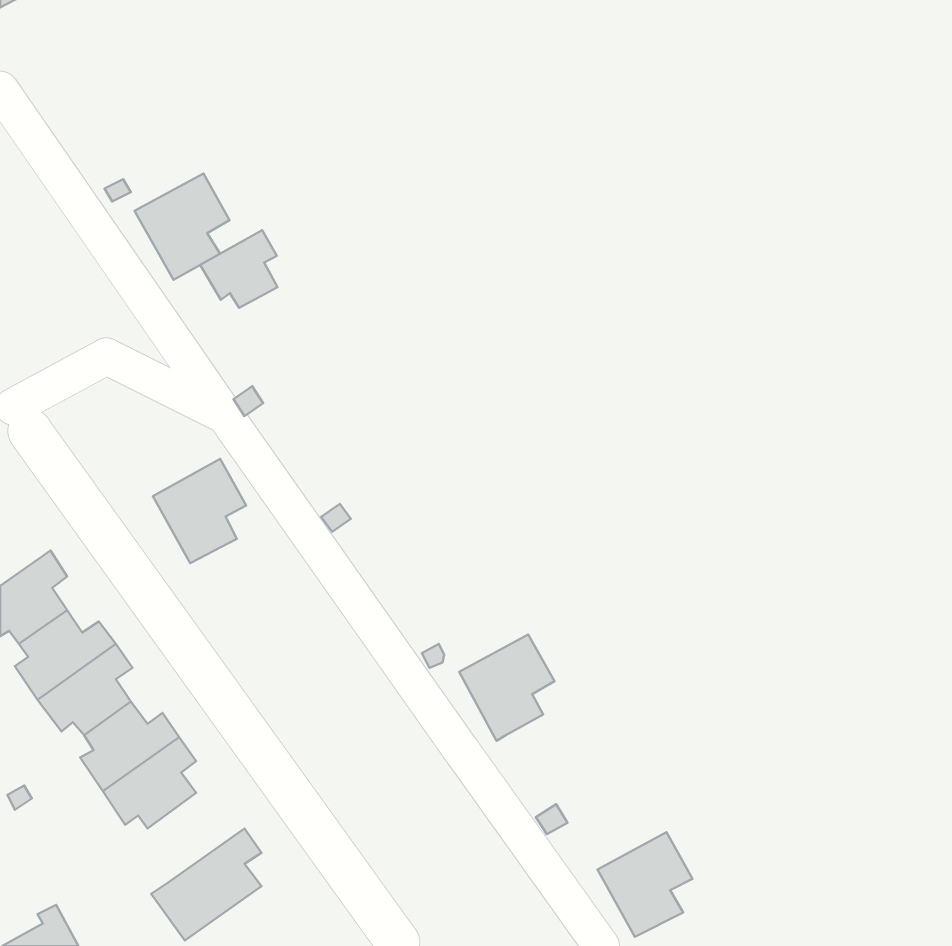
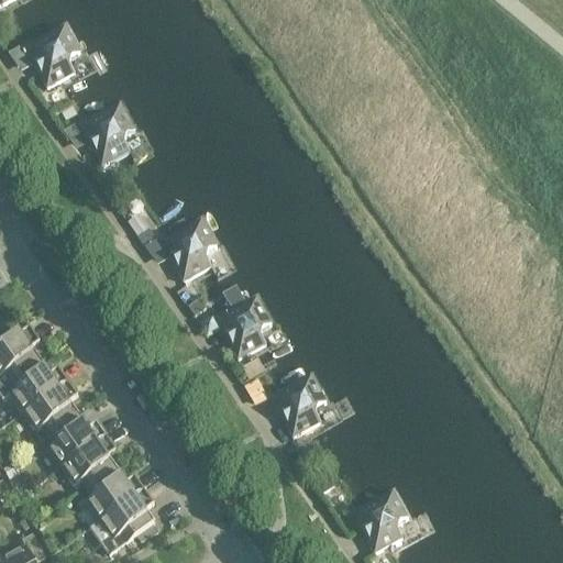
building: none -> [26,25,81,87]
building: [200,230,278,308] -> none
building: [153,459,246,563] -> [163,219,218,280]
building: none -> [217,296,273,358]
building: none -> [86,467,145,520]

